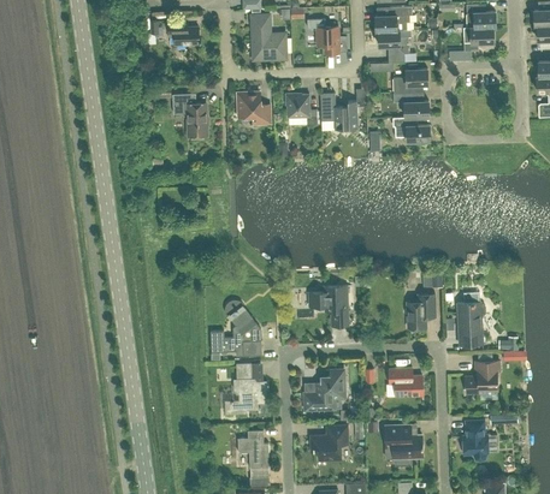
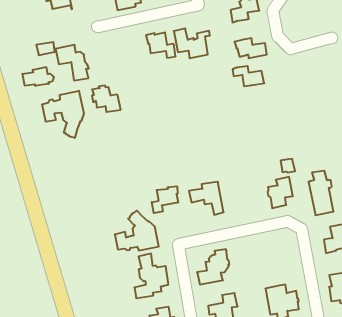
building: [238,91,271,124] -> [92,86,121,112]
building: [394,93,430,117] -> [233,66,264,86]
building: none -> [22,67,54,86]
building: none -> [42,91,84,138]
building: none -> [152,186,178,213]
building: [389,367,422,395] -> none

